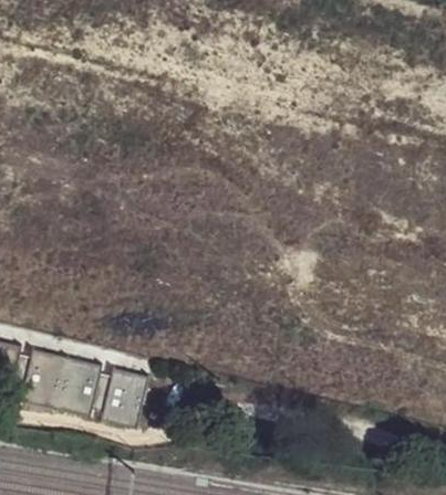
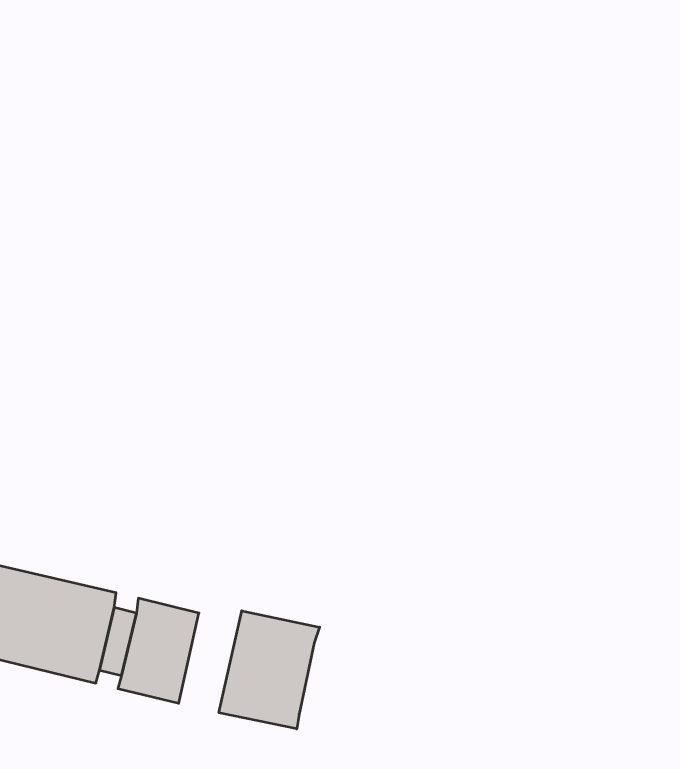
building: none -> [219,611,320,729]

